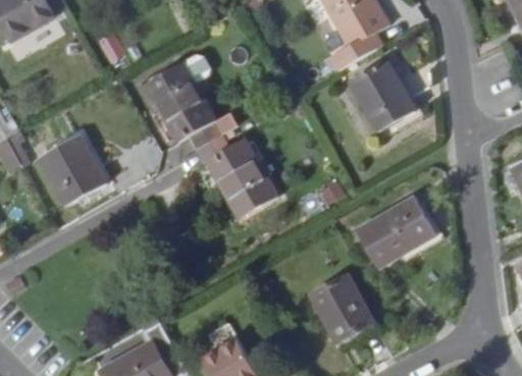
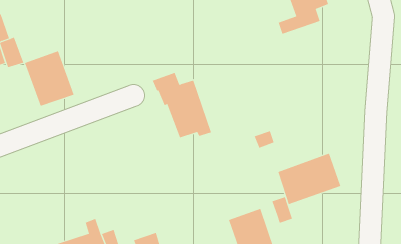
building: [150,61,219,149] -> none
building: [346,63,410,135] -> none

